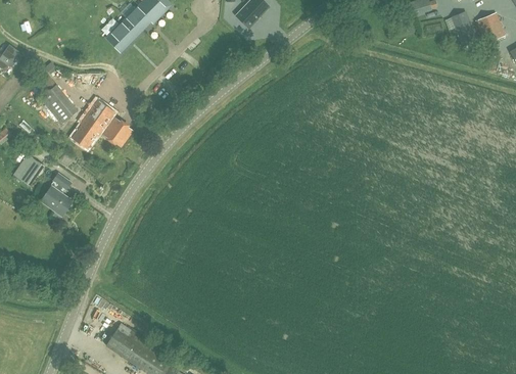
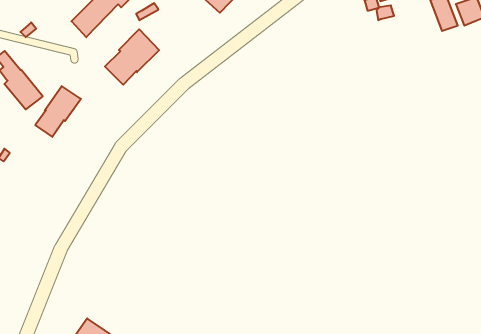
building: none -> [105,29,159,85]
building: [101,116,133,147] -> none
building: [41,173,72,213] -> none

